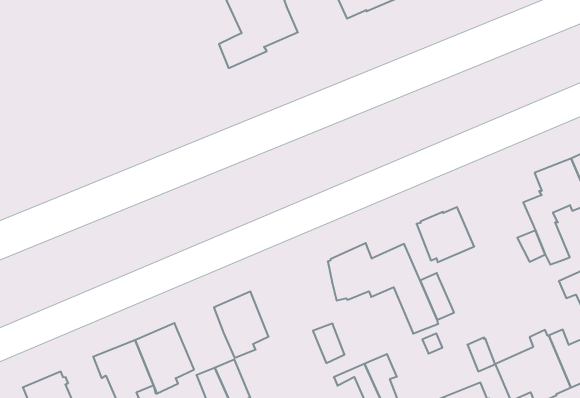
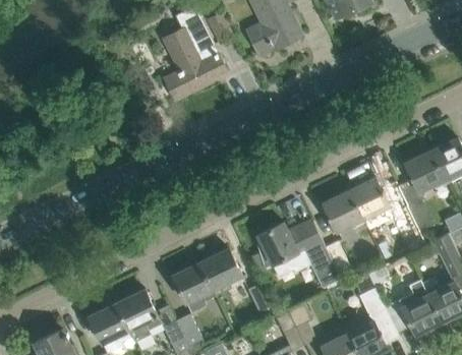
building: none -> [349,178,394,229]
building: none -> [199,248,241,295]

